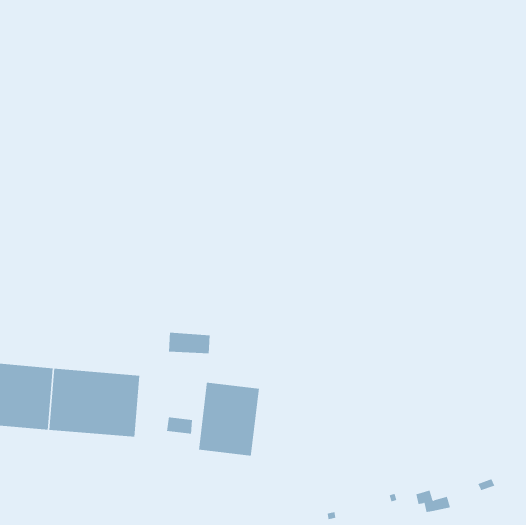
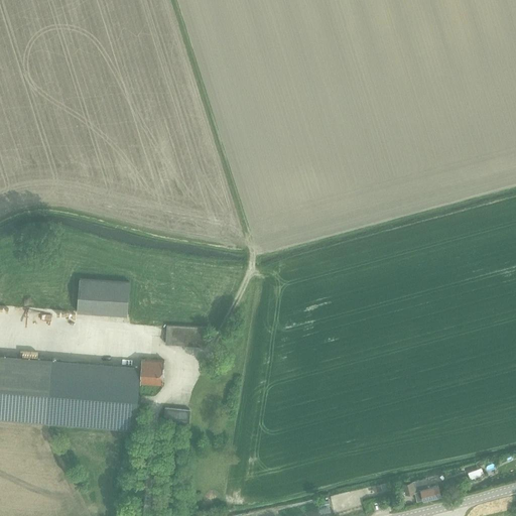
building: none -> [77,280,129,316]
building: none -> [139,361,163,385]
building: [198,382,259,456] -> none

